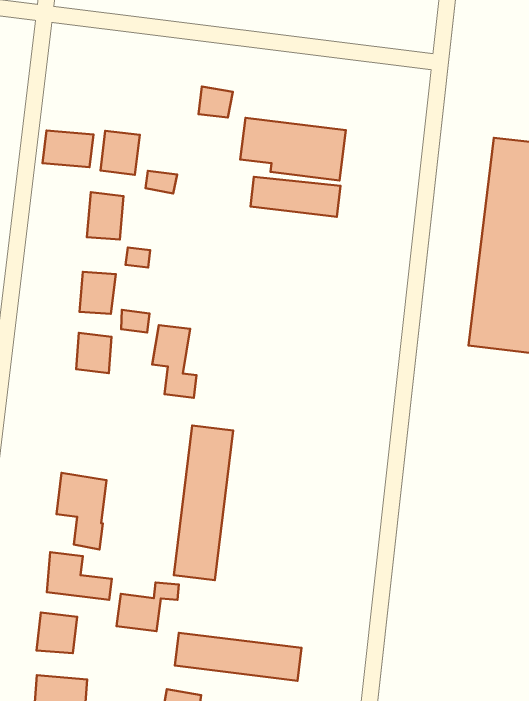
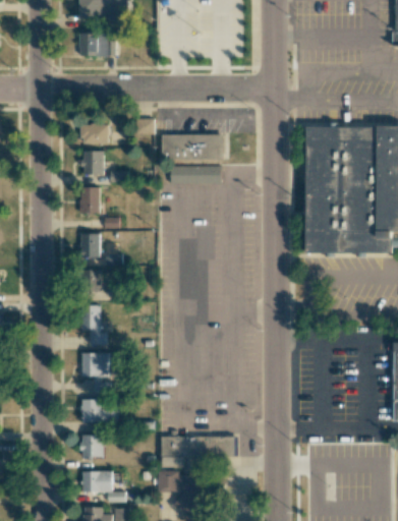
building: [43,130,93,167] -> [80,123,108,143]
building: [152,325,197,398] -> [80,305,107,345]
building: [174,426,233,580] -> none
building: [117,582,179,631] -> none

